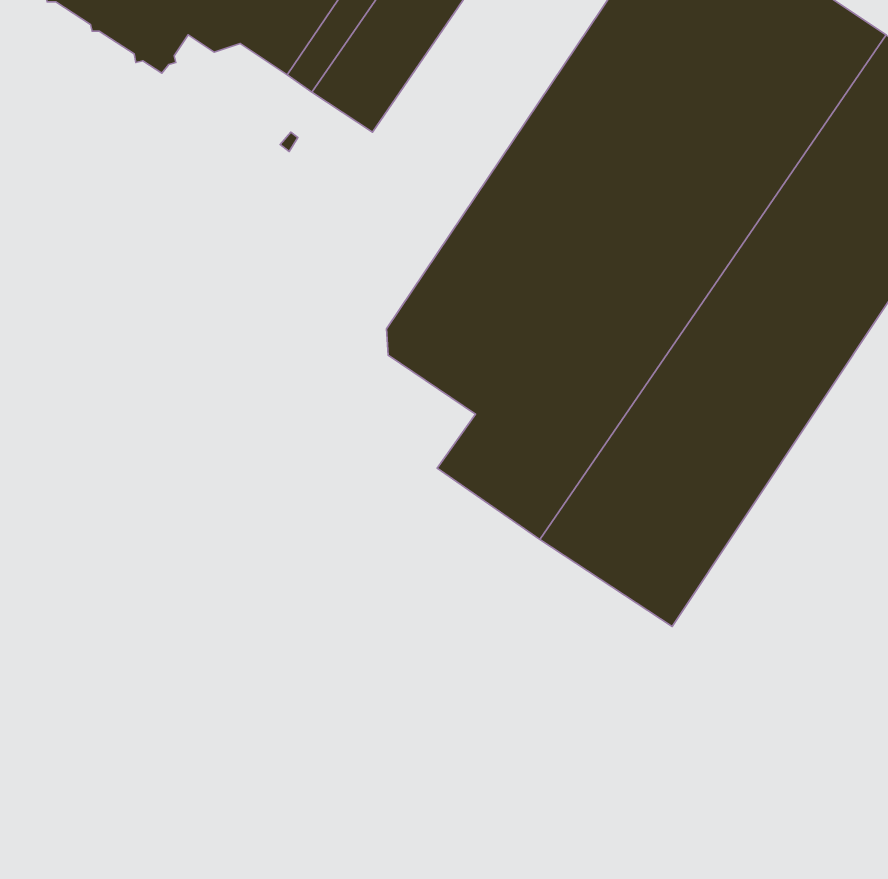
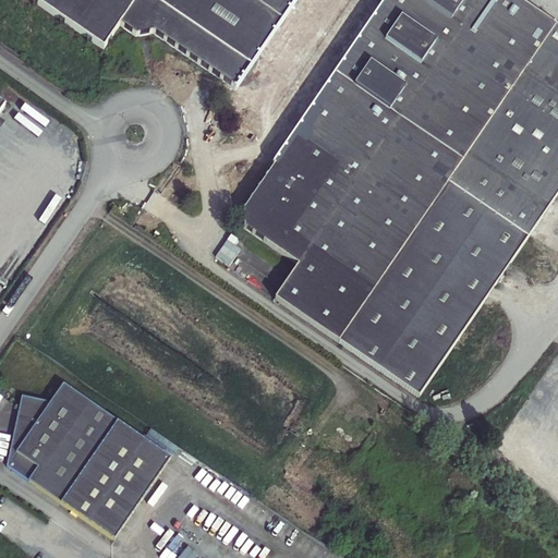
building: none -> [8,378,170,533]

